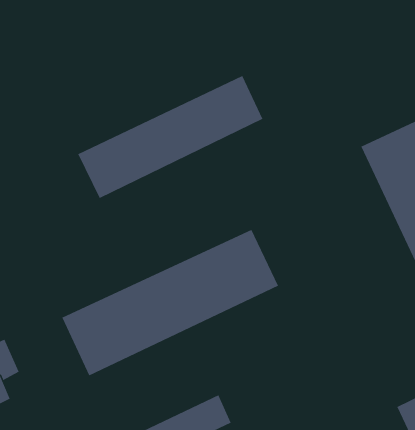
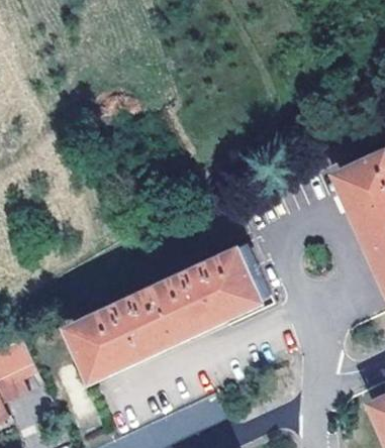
building: [77,75,263,199] -> none

